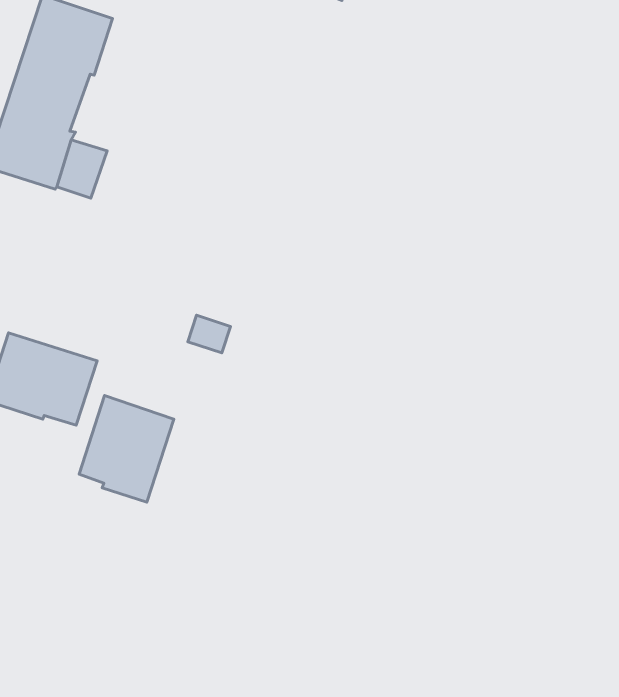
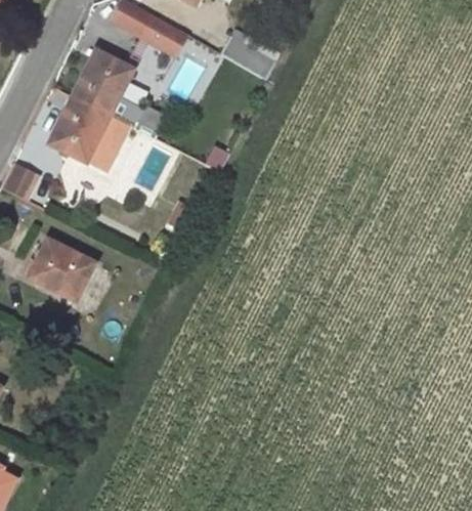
building: [79,395,174,502] -> none

